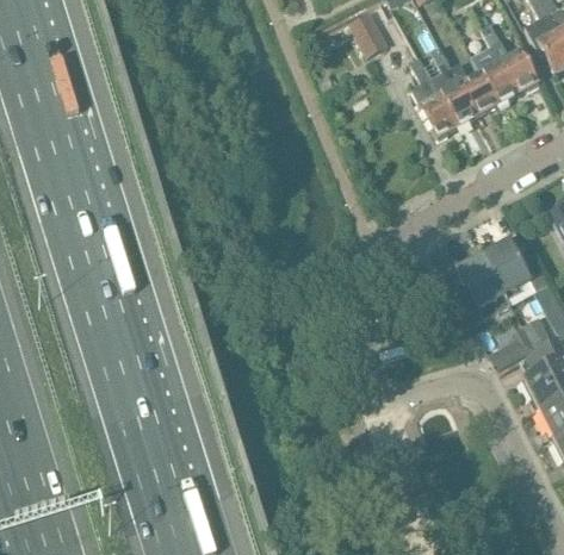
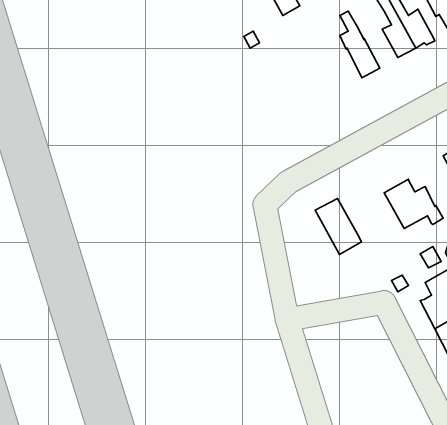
building: [410,56,457,138] -> none
building: [452,60,497,113] -> none
building: [457,254,509,317] -> [315,198,362,254]

